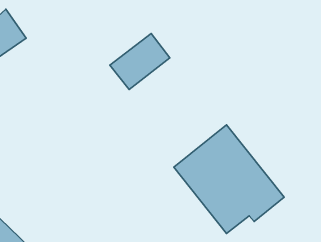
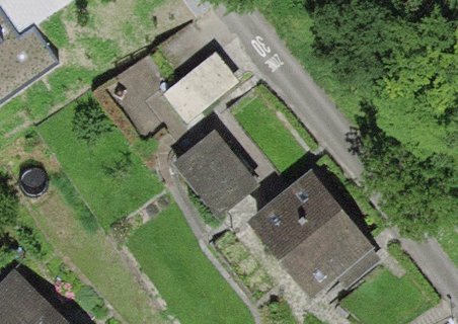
building: none -> [176,132,259,217]

